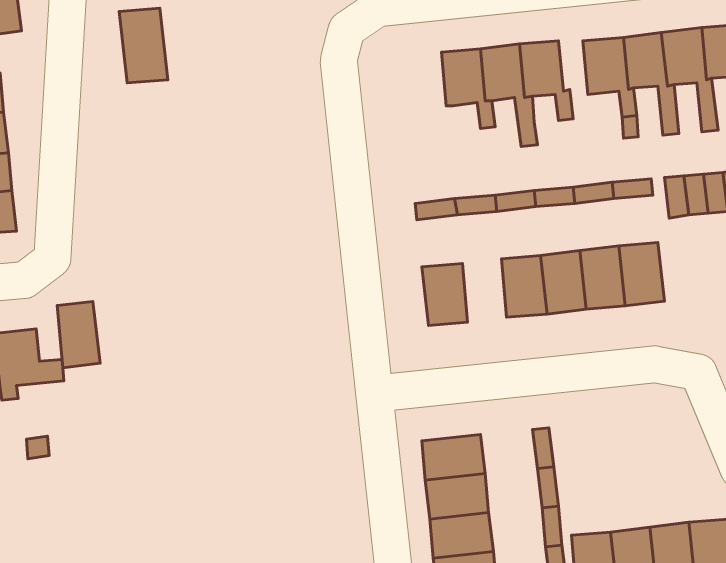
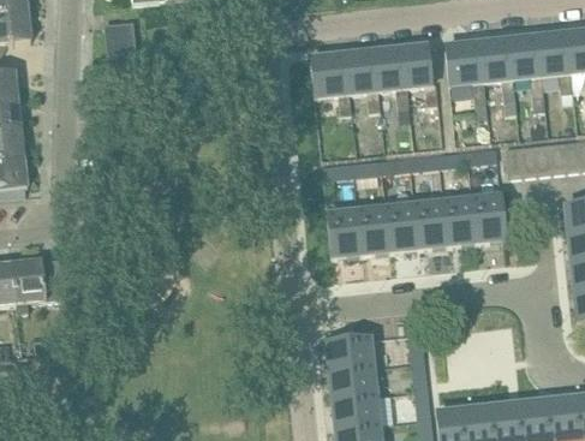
building: none -> [310,53,351,112]
building: none -> [356,205,388,252]
building: [57,301,100,368] -> none

